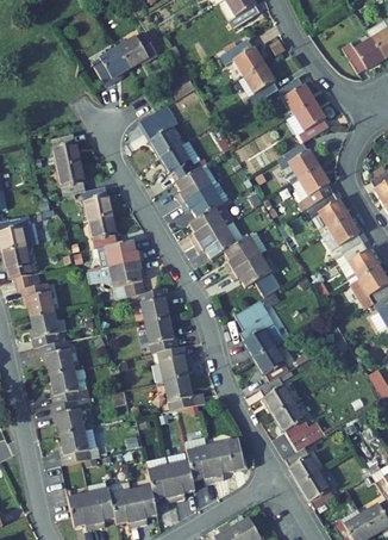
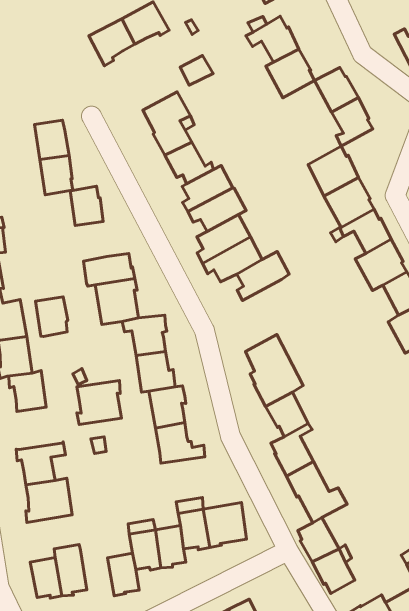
building: [89,215,117,248] -> [35,297,68,336]
building: [230,254,271,287] -> none
building: [50,367,88,405] -> [77,380,122,425]
building: [108,482,138,523] -> none

